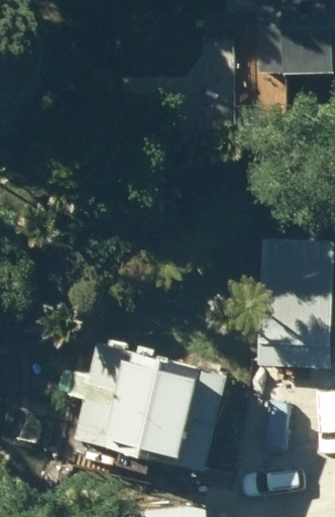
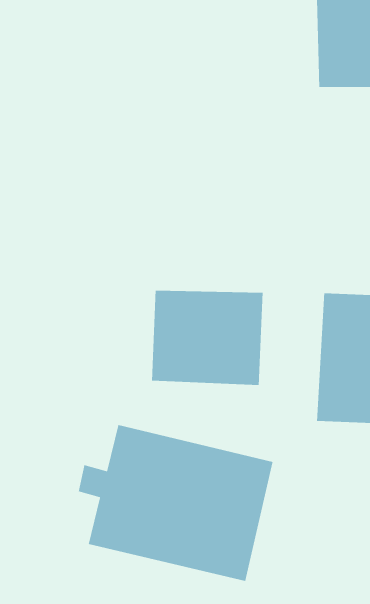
building: none -> [151,290,263,386]

